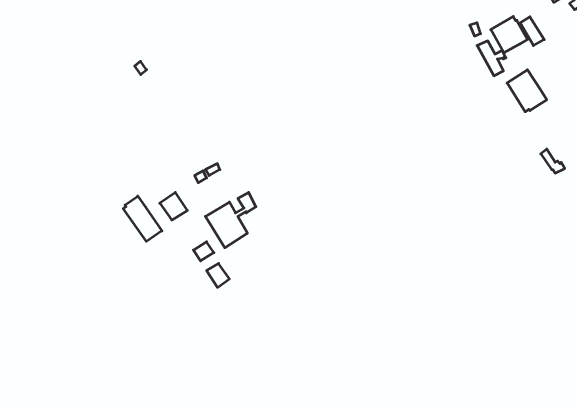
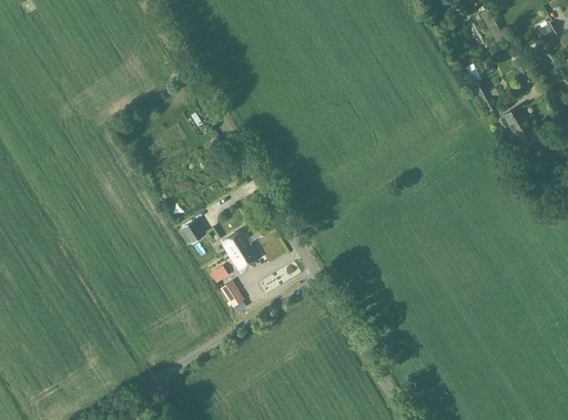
building: [491,16,528,53] -> none
building: [123,196,162,241] -> none

